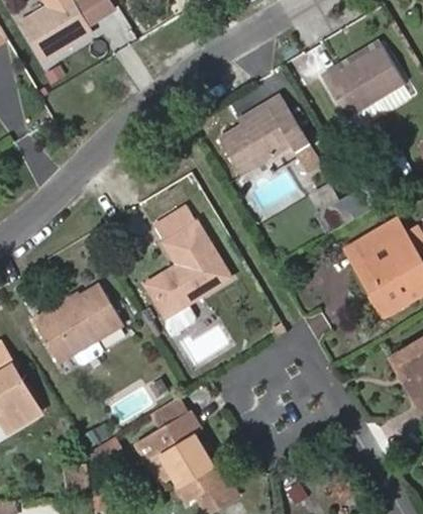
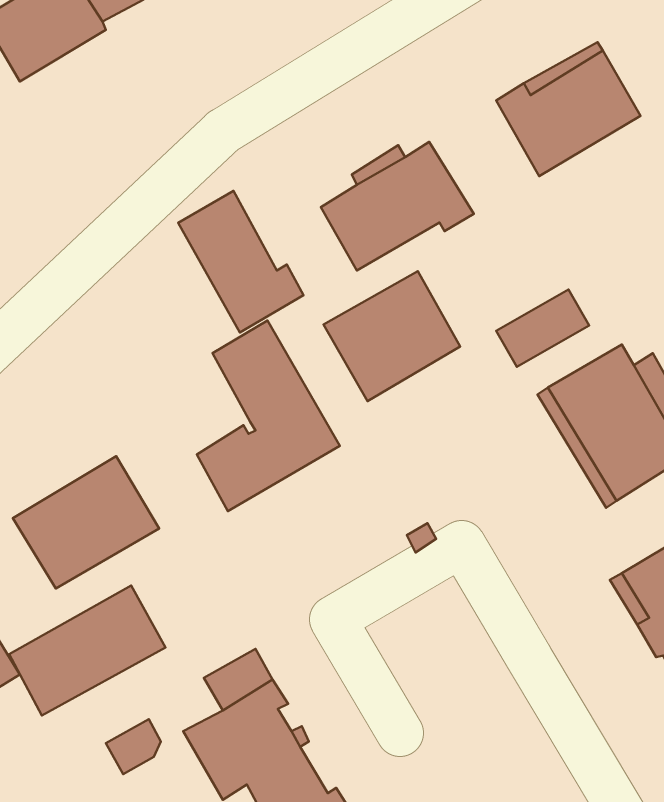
building: none -> [178,191,303,332]
building: none -> [324,271,460,401]
building: none -> [9,585,165,716]

